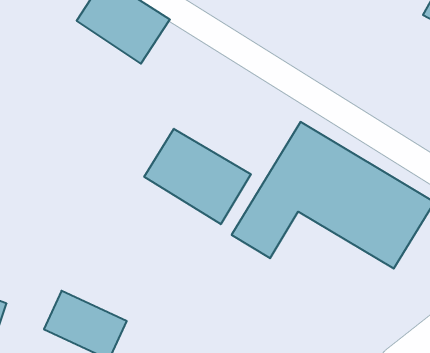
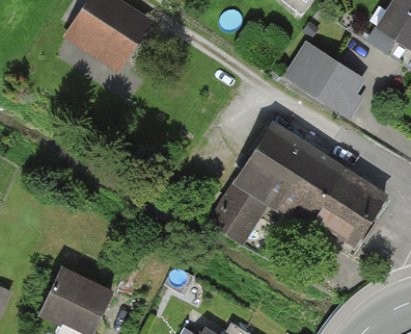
building: none -> [282,42,362,112]
building: [144,129,251,224] -> none

